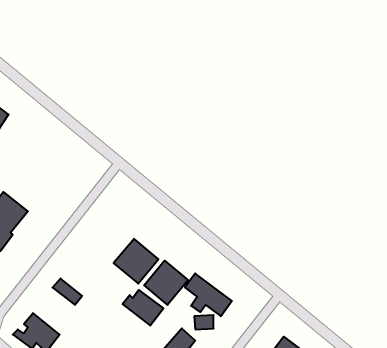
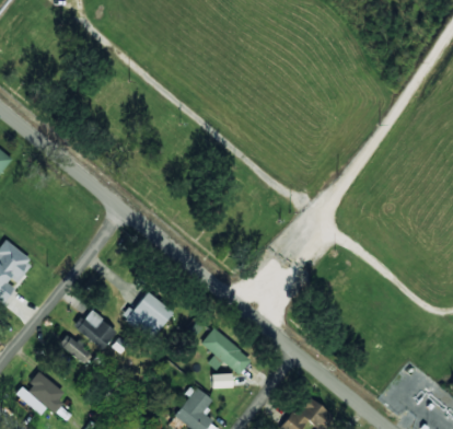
building: [144,261,188,305] -> none
building: [123,290,163,326] -> [73,311,117,349]

